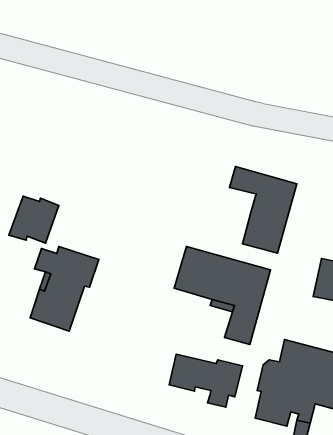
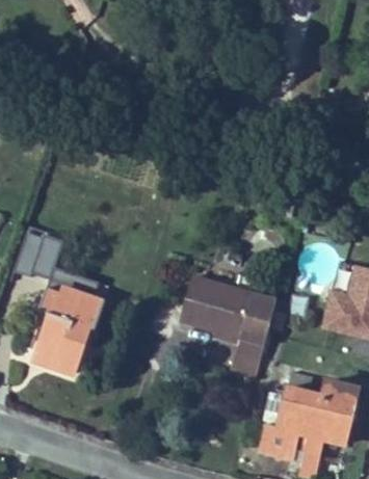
building: [230,166,297,253] -> none
building: [169,354,242,407] -> none

